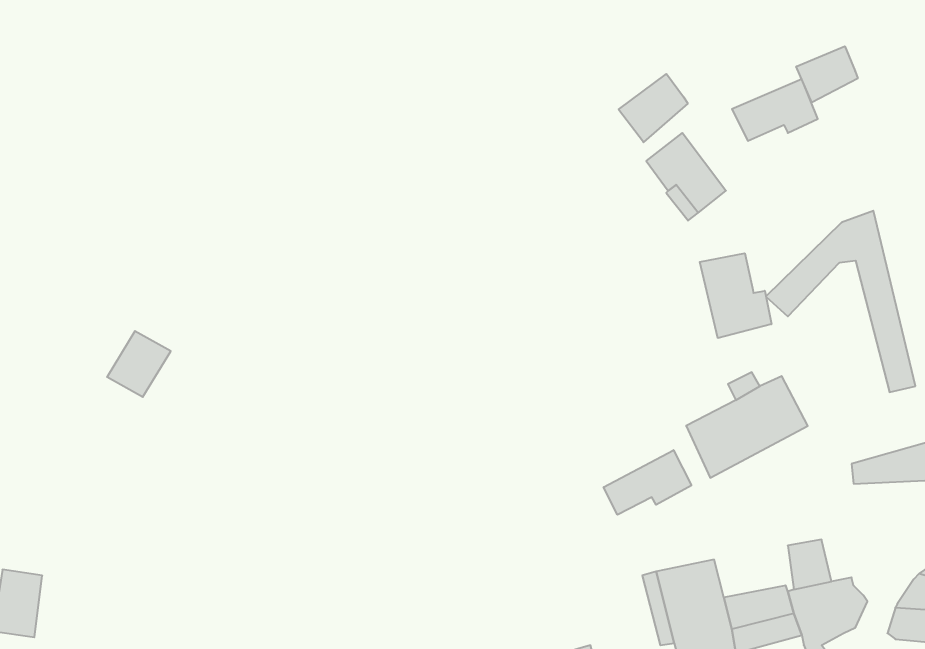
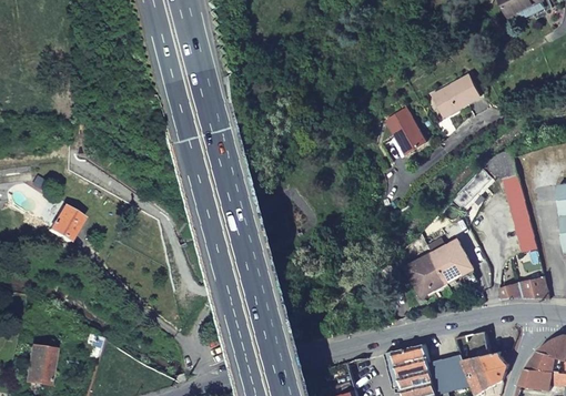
building: [796,46,858,102] -> none
building: [619,74,688,142] -> none
building: [700,253,771,338] -> none
building: [107,331,171,397] -> [44,209,80,245]
building: [604,450,691,515] -> none

